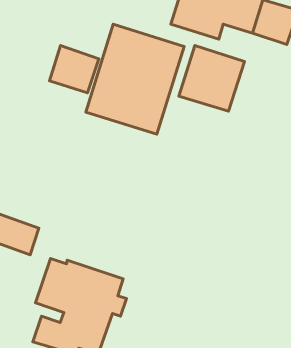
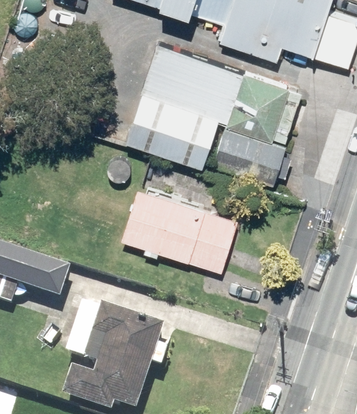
building: [49,46,99,93] -> none
building: none -> [213,126,291,183]
building: none -> [121,190,239,274]

